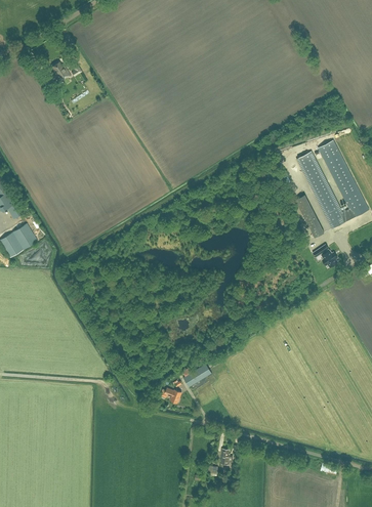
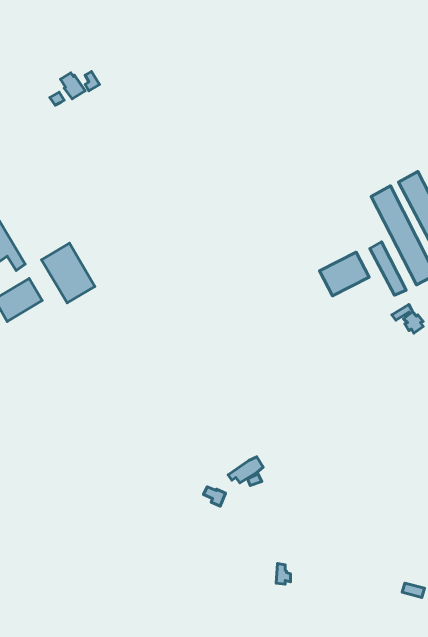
building: none -> [42,243,95,303]
building: none -> [320,252,369,296]

